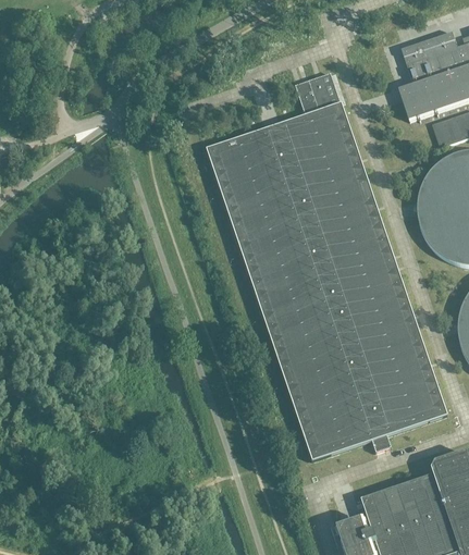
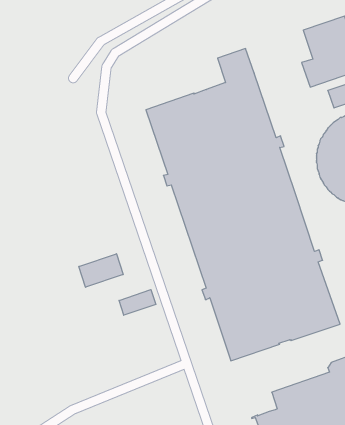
building: none -> [79,254,123,287]
building: none -> [119,290,156,315]

